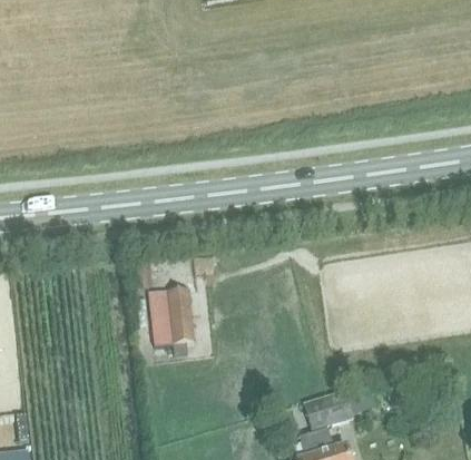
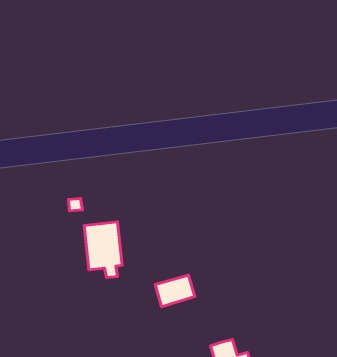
building: [304,390,352,428] -> [155,275,195,307]

